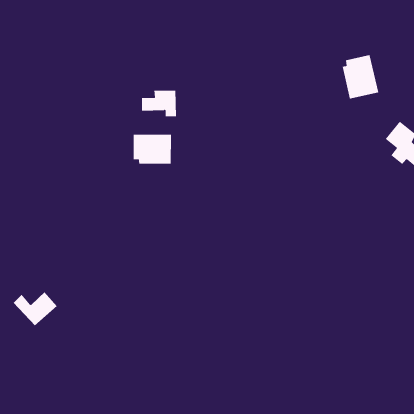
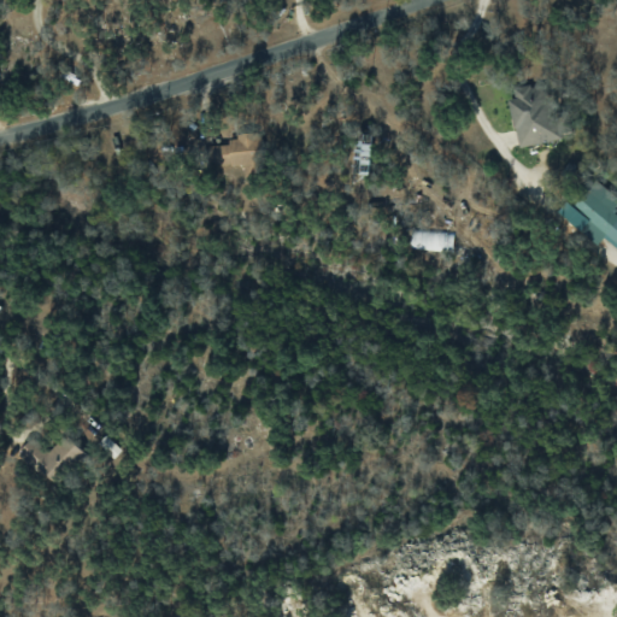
building: [133,134,172,165] -> none
building: none -> [411,230,454,251]

